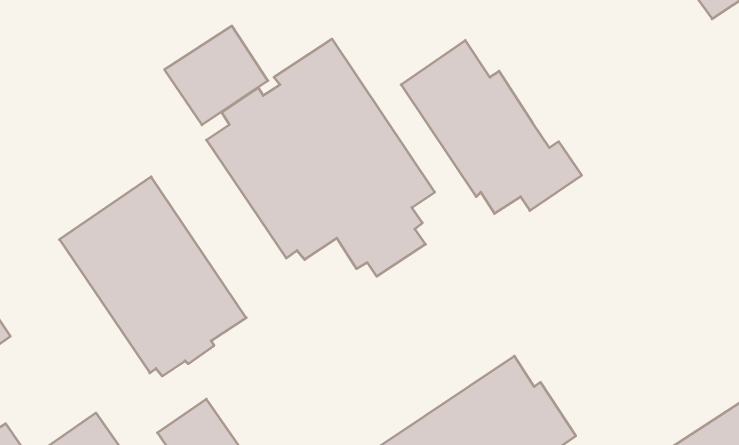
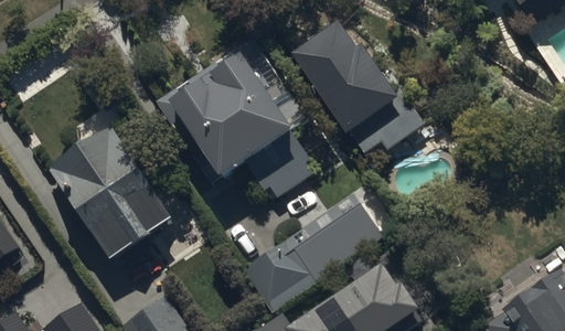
building: [165,26,268,125] -> none
building: none -> [245,203,382,313]

